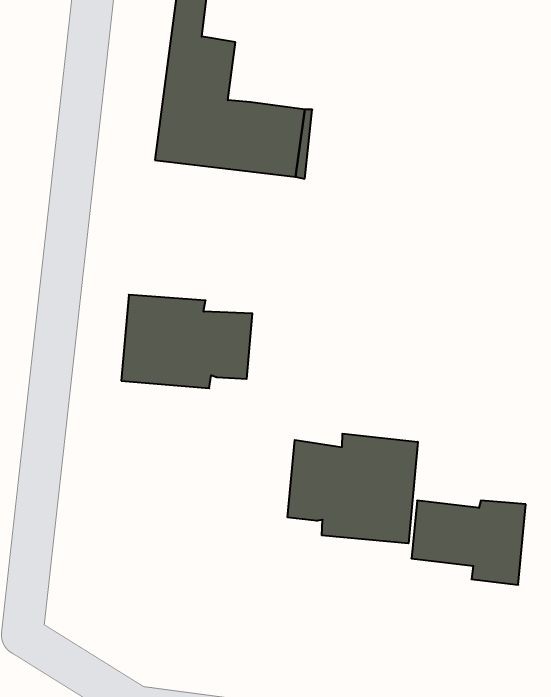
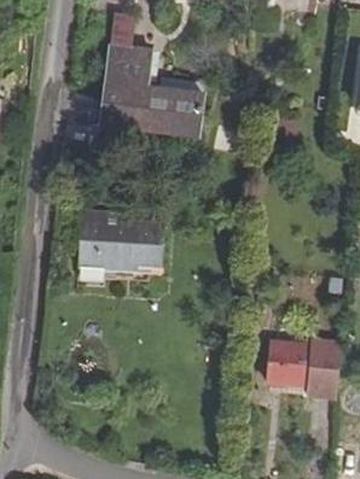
building: [288,434,418,543] -> none

